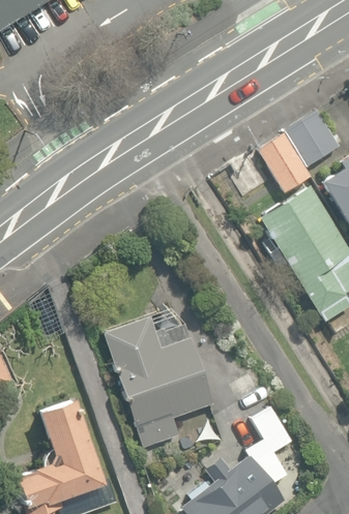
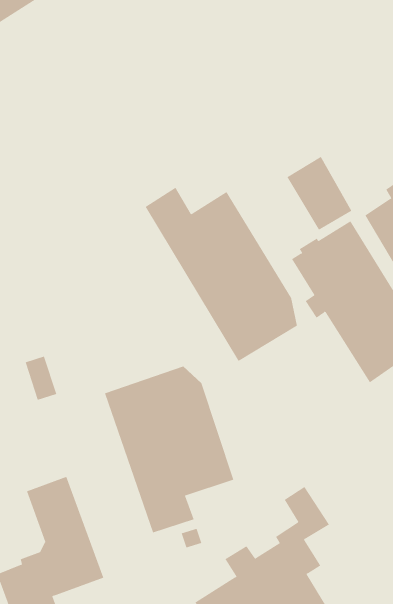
building: [286,111,340,167] -> none
building: none -> [145,187,297,362]

